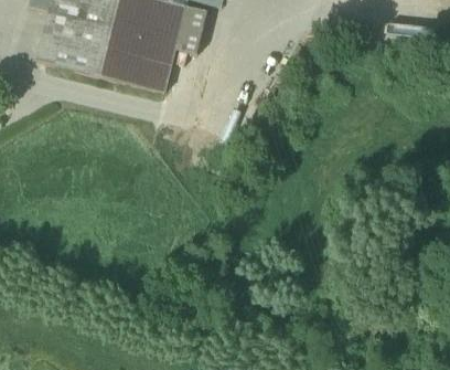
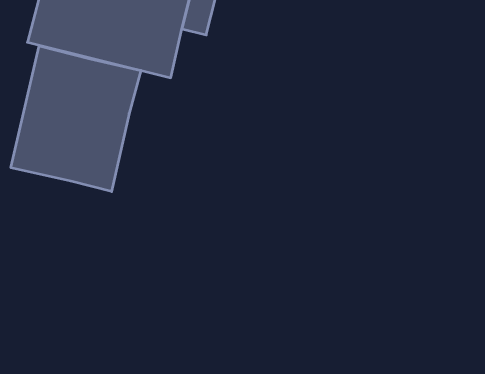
building: none -> [11,46,141,192]

